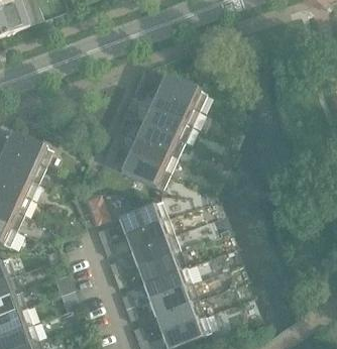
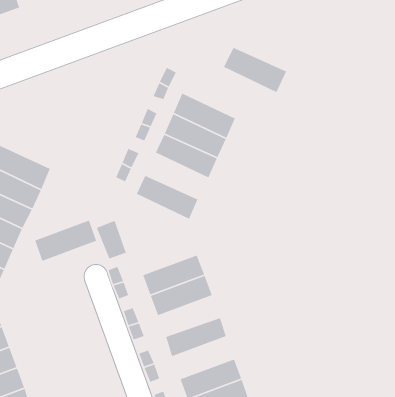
building: [155,76,206,112] -> [223,47,287,93]
building: [126,139,177,176] -> none
building: [118,202,167,235] -> [34,219,97,262]
building: [136,251,186,283] -> none
building: [147,283,197,317] -> none

